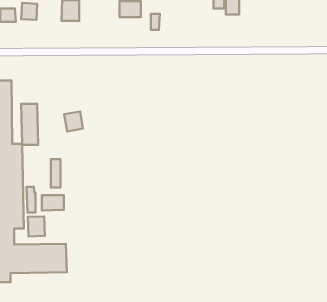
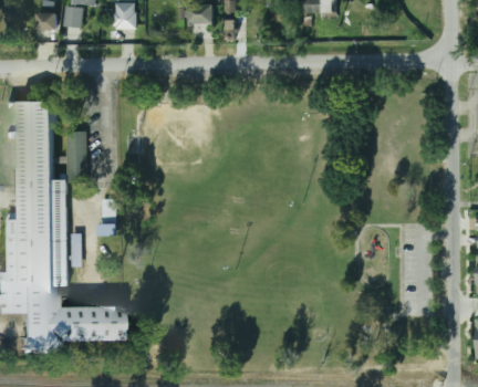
building: [64,112,83,131] -> none
building: [42,195,64,211] -> none
building: [28,216,45,236] -> none

